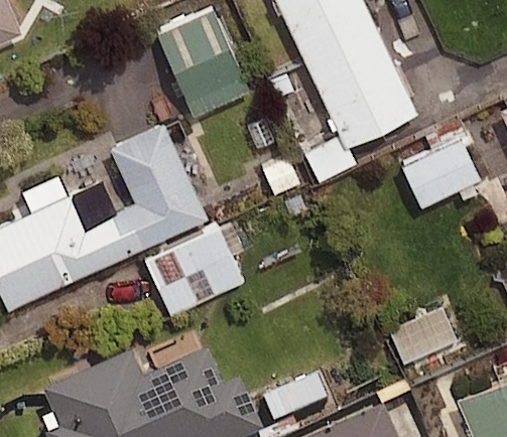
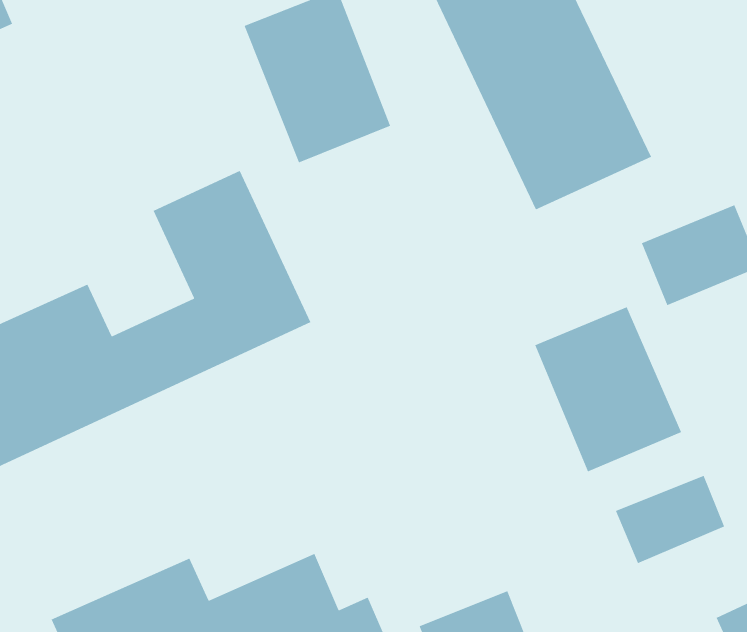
building: none -> [534,306,682,473]
building: [144,221,251,317] -> none

